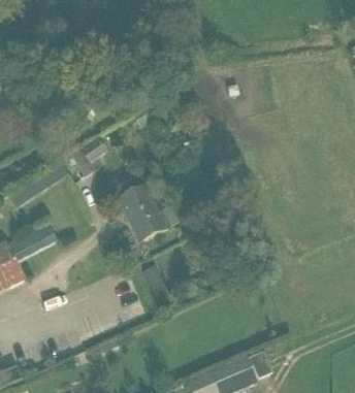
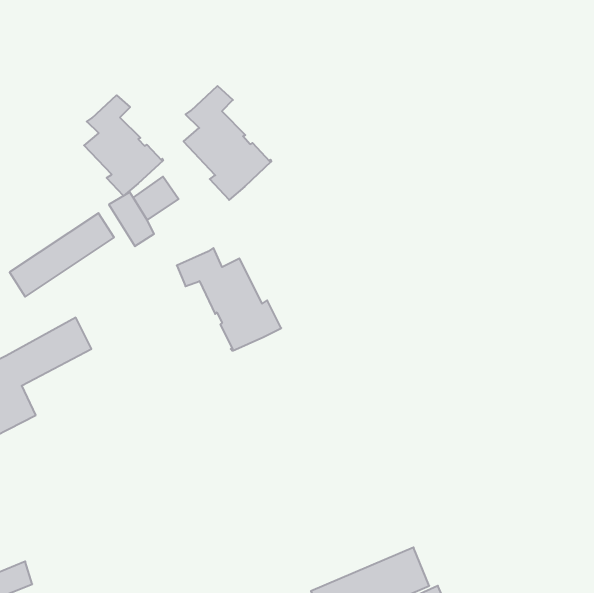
building: none -> [184,86,271,200]
building: none -> [84,95,163,196]

